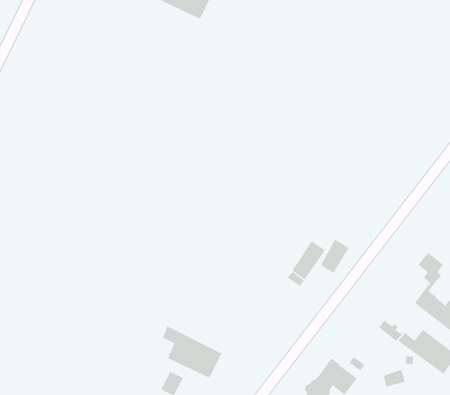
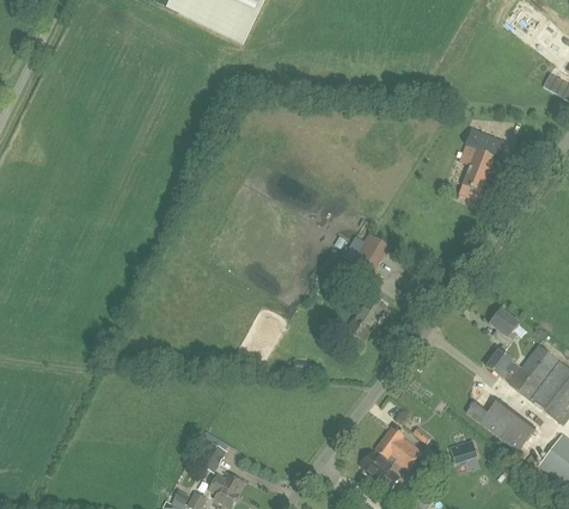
building: none -> [458,129,502,201]
building: [320,239,350,274] -> [353,234,386,274]
building: [162,326,222,378] -> none

